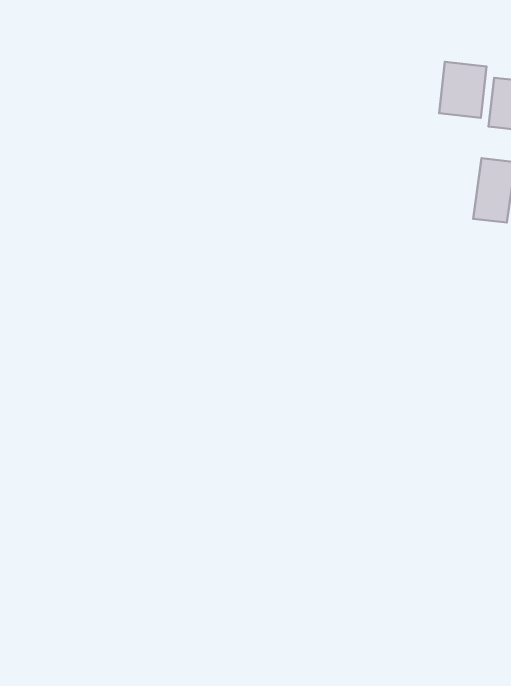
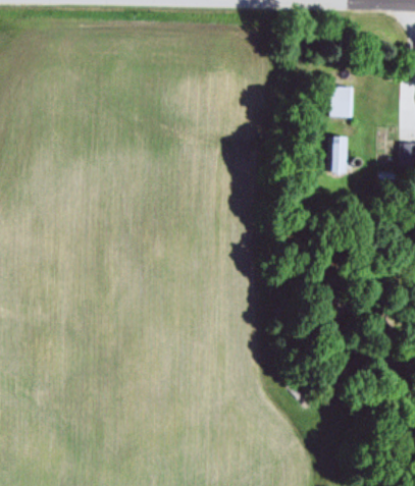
building: [439,62,486,118] -> none

